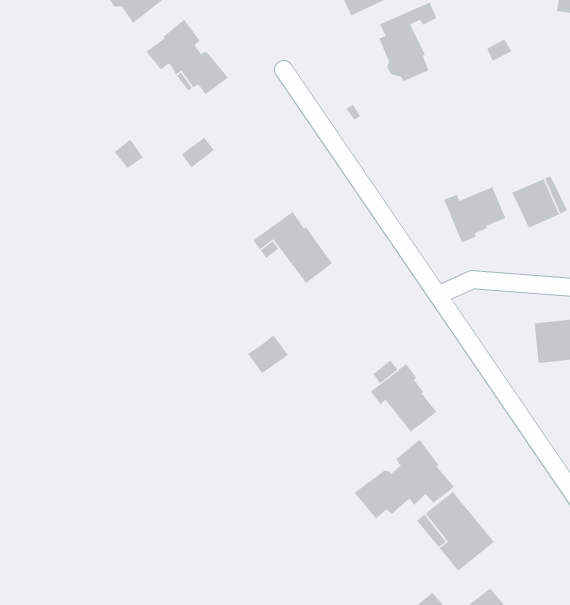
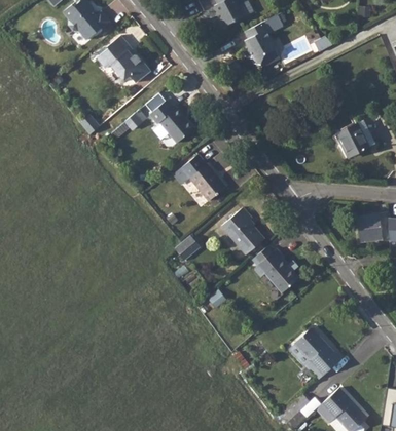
building: none -> [144,93,194,143]
building: [443,187,506,243] -> none
building: none -> [221,206,264,253]
building: [354,439,455,519] -> none

